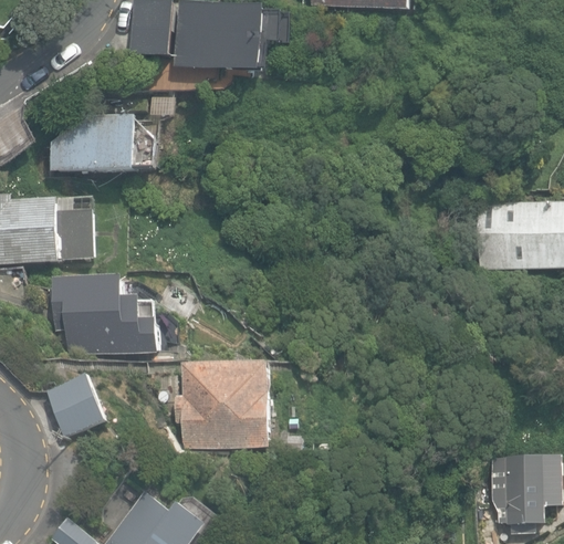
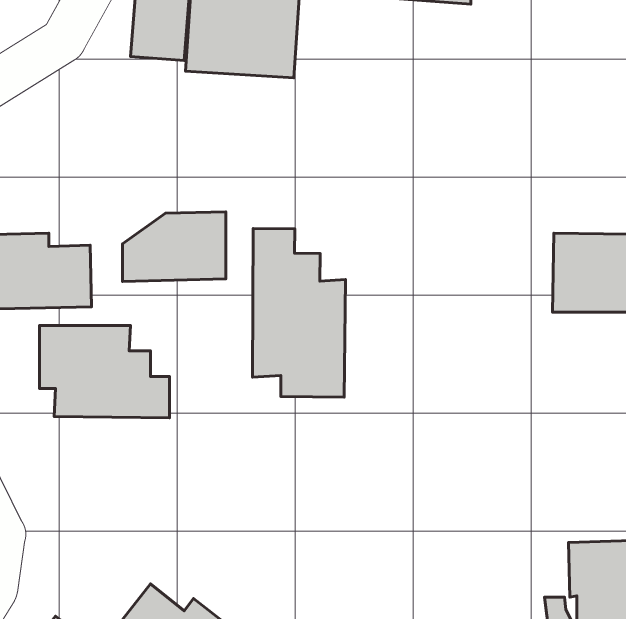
building: [53,116,138,174] -> [123,212,226,281]
building: none -> [253,228,346,397]
building: [174,362,272,447] -> none
building: [46,375,107,437] -> none

